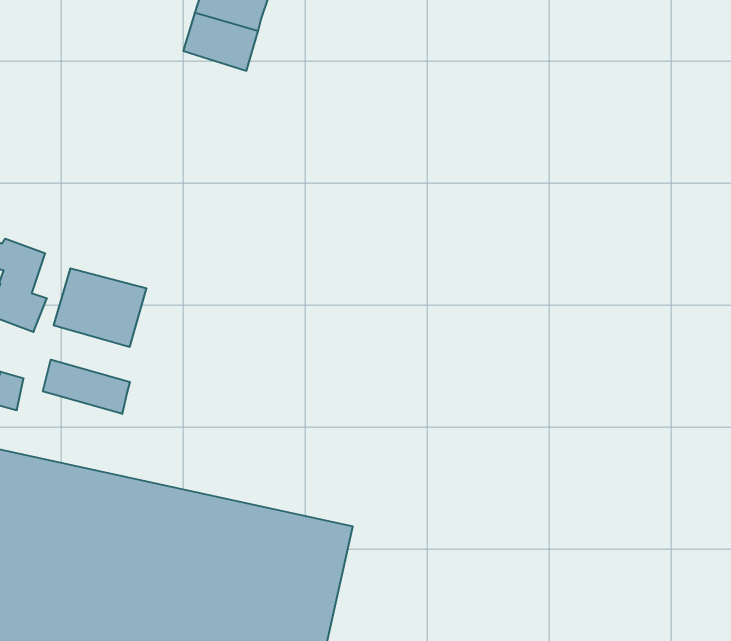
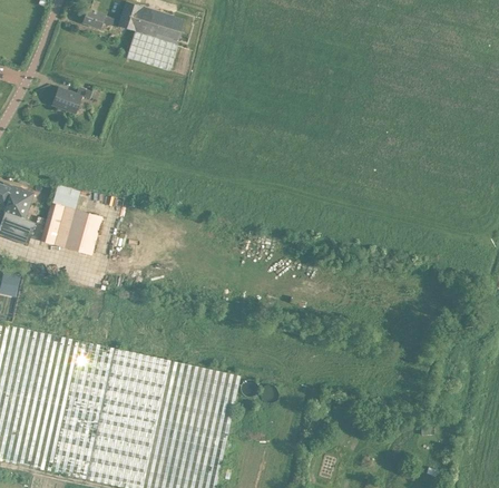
building: none -> [50,88,90,115]
building: [43,360,130,414] -> none

